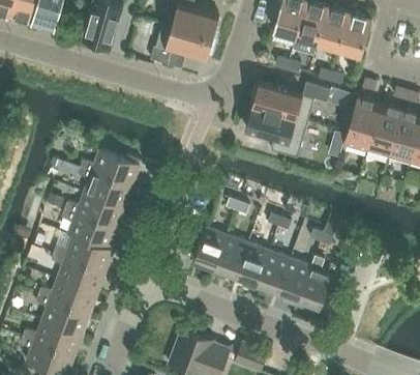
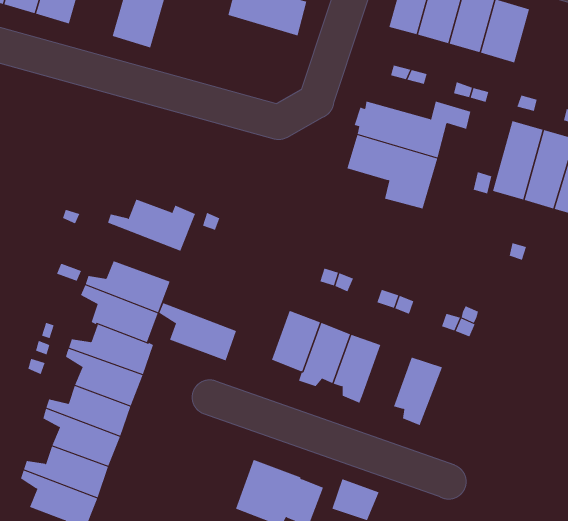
building: [151,24,212,66] -> none
building: [78,167,131,207] -> [158,302,237,361]
building: [257,251,290,293] -> none
building: [296,257,332,311] -> none

